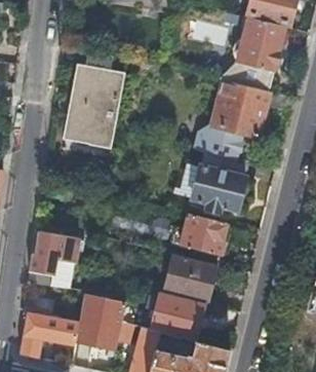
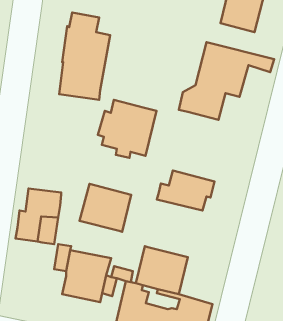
building: [188,153,248,213] -> [98,100,157,158]
building: [163,255,216,304] -> [79,184,131,232]
building: [18,308,79,360] -> none

